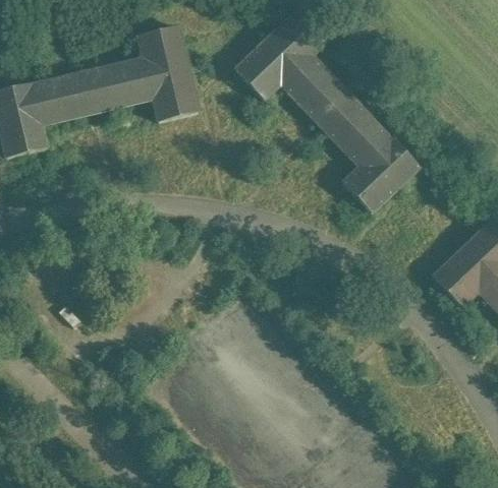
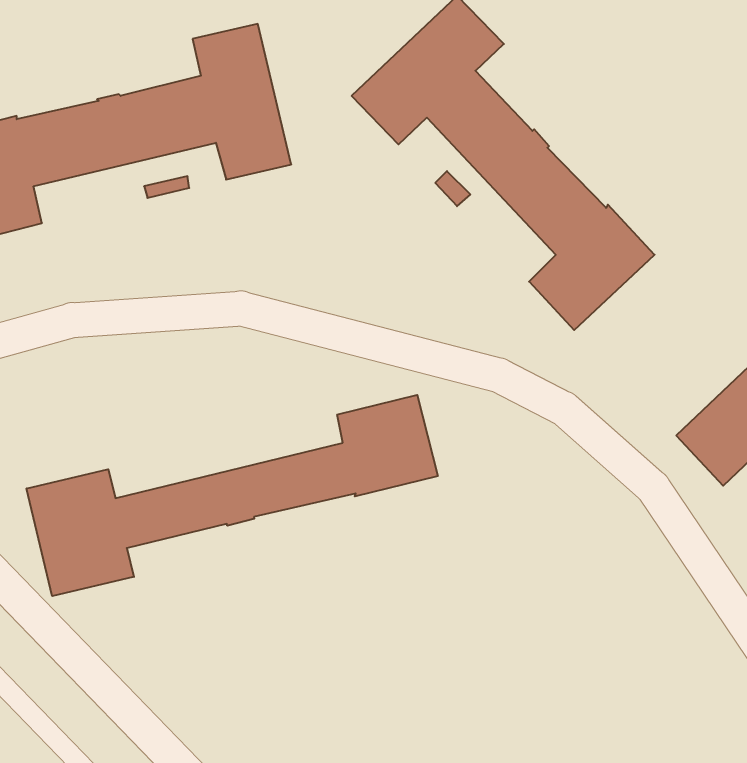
building: none -> [27,395,438,596]

